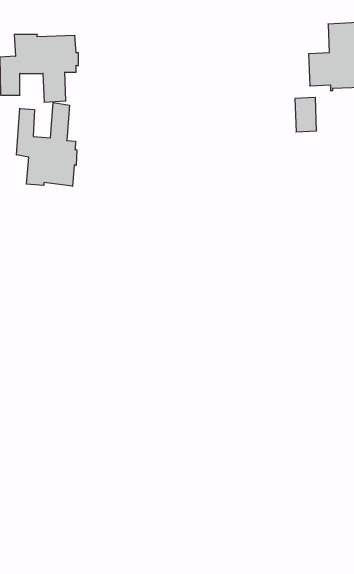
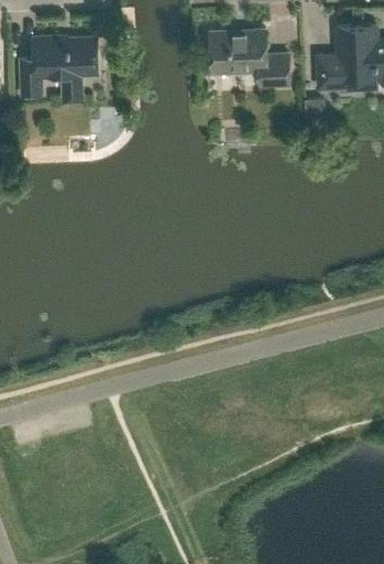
building: none -> [209,30,289,86]
building: [17,103,77,186] -> none

